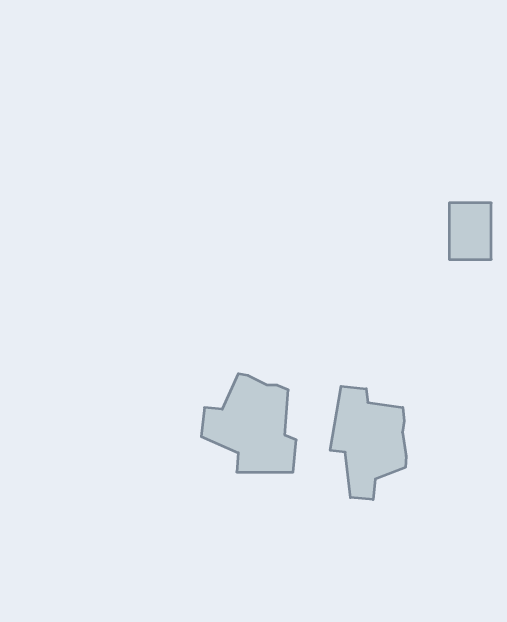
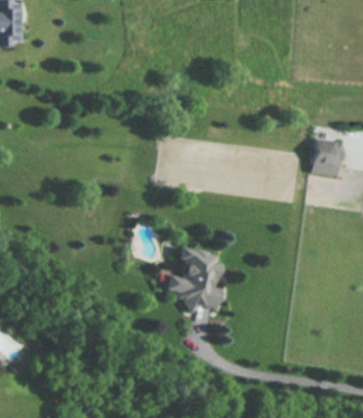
building: [330,386,406,500] -> none

